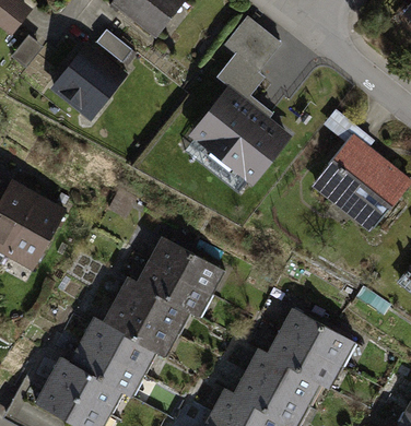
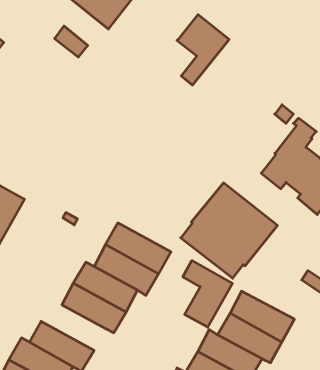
building: [57,50,118,111] -> none
building: [185,93,286,193] -> [181,183,277,278]
building: none -> [183,261,232,327]
building: [83,318,151,371] -> none

